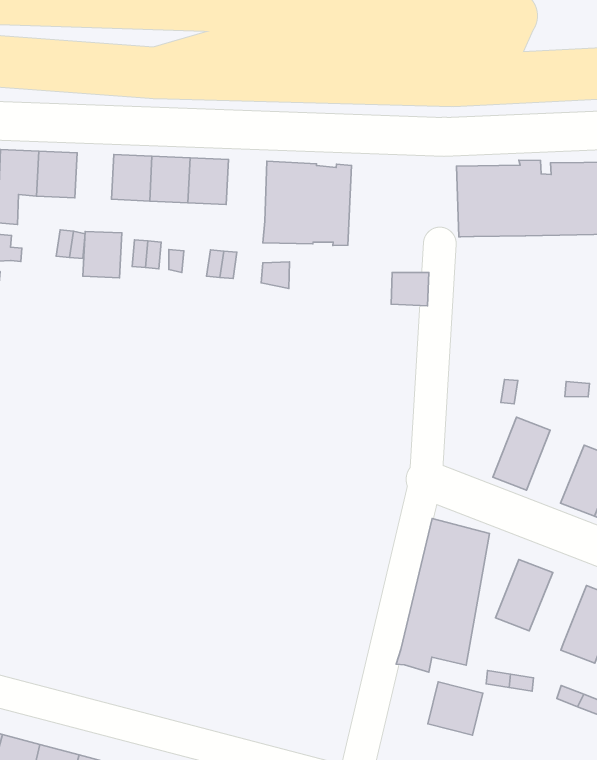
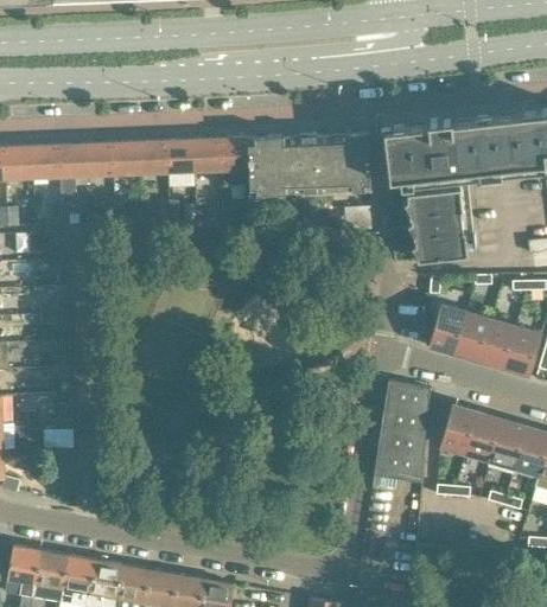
building: none -> [221,139,250,183]
building: none -> [309,134,370,193]
building: [83,231,122,278] -> [113,143,140,177]
building: none -> [403,189,468,262]
building: none -> [453,312,491,363]
building: none -> [464,413,502,462]
building: [428,682,483,735] -> none

